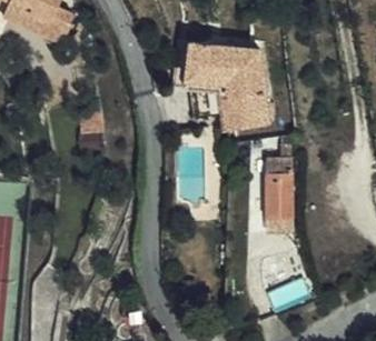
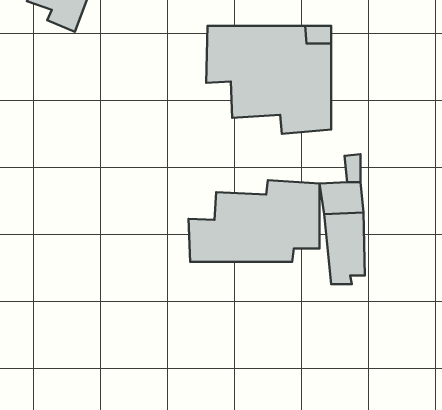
building: none -> [189,180,320,262]

